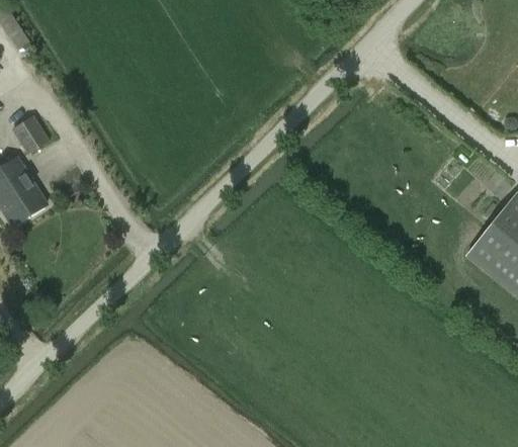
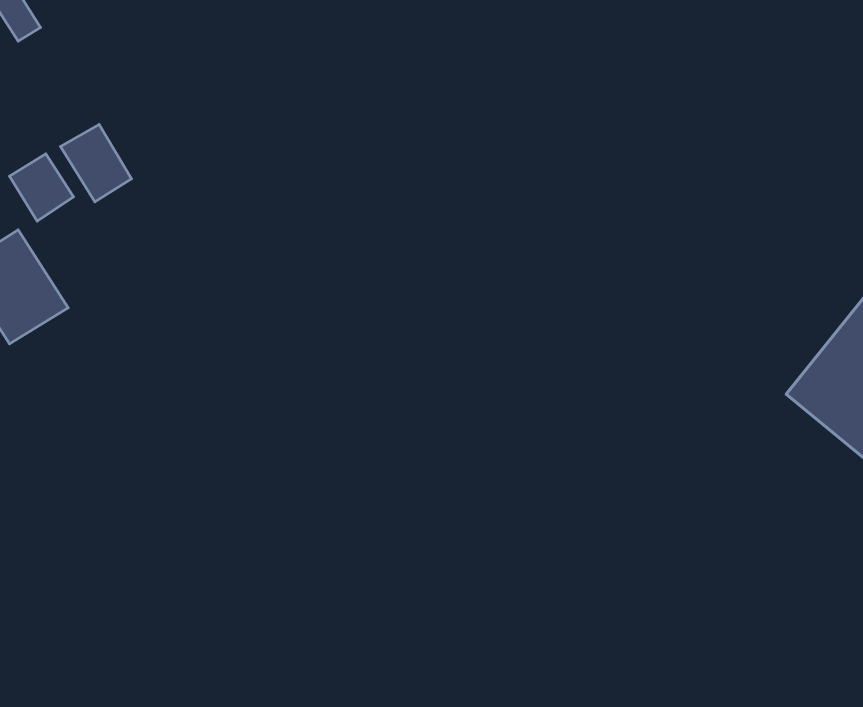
building: none -> [60,125,132,202]

